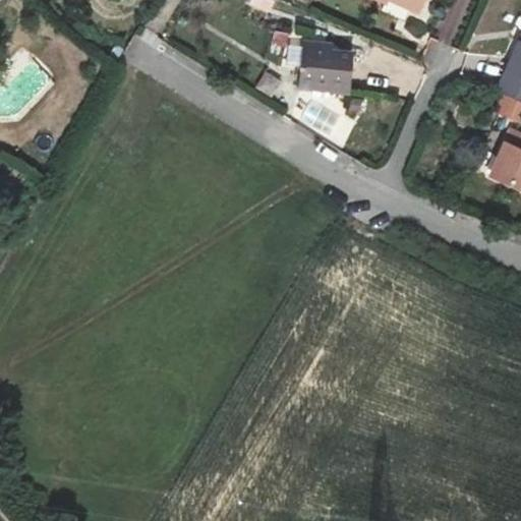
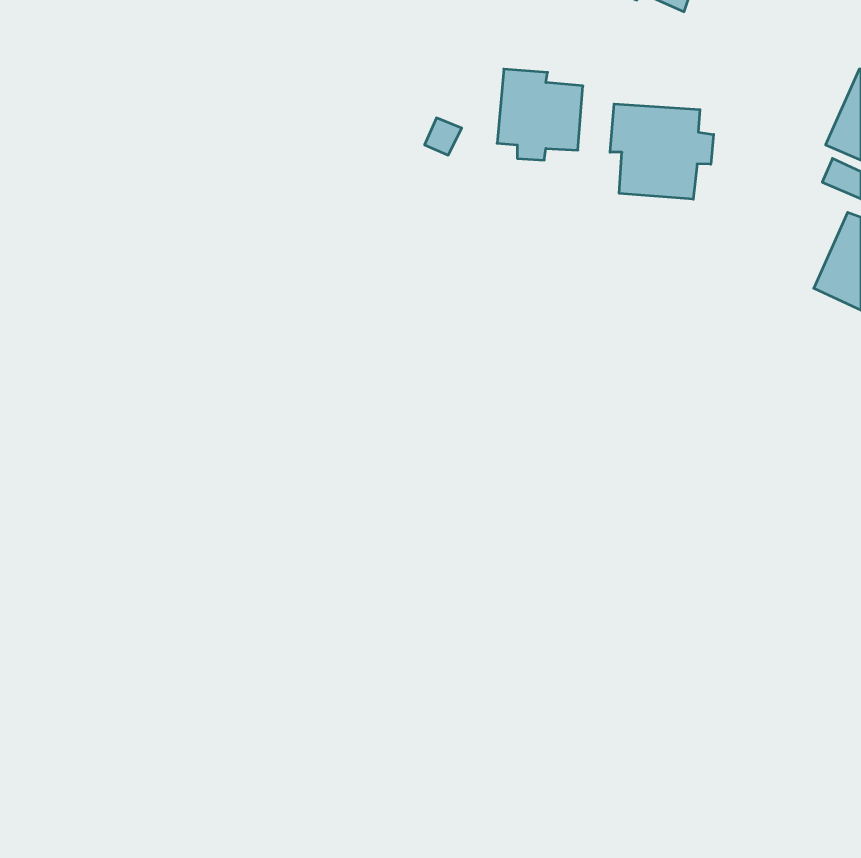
building: none -> [610,104,714,199]

